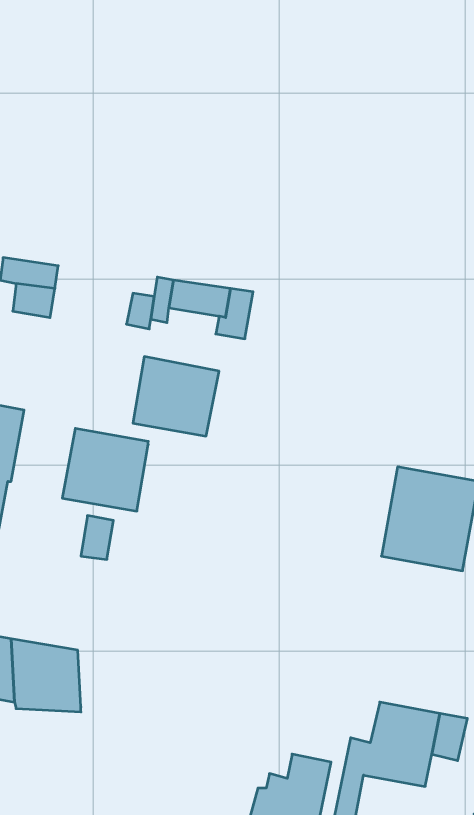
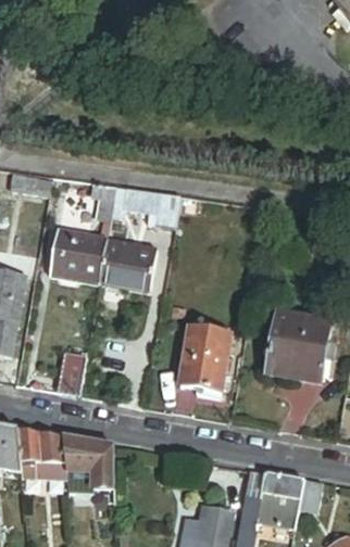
building: [62,428,148,511] -> [49,229,107,284]
building: none -> [179,327,230,392]
building: none -> [62,436,113,487]

